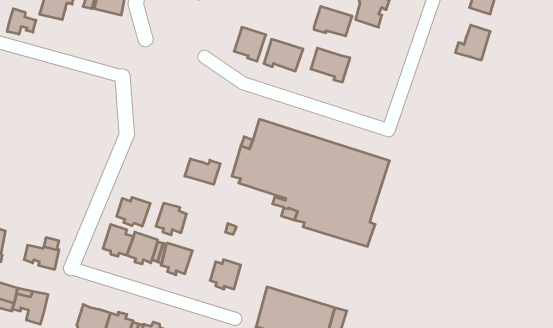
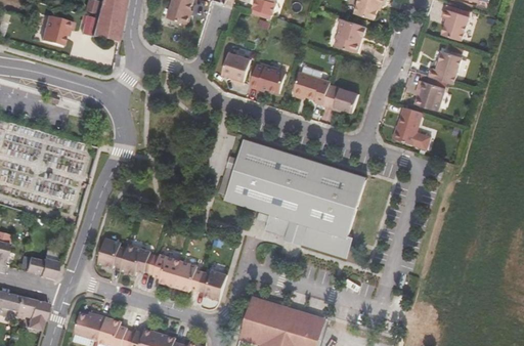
building: [314,6,352,36] -> [322,84,358,112]
building: [7,9,36,34] -> none
building: none -> [414,76,444,111]
building: none -> [393,105,431,147]
building: [185,159,220,184] -> none
building: [117,197,150,226] -> none
building: [156,203,187,235] -> [175,261,204,291]

